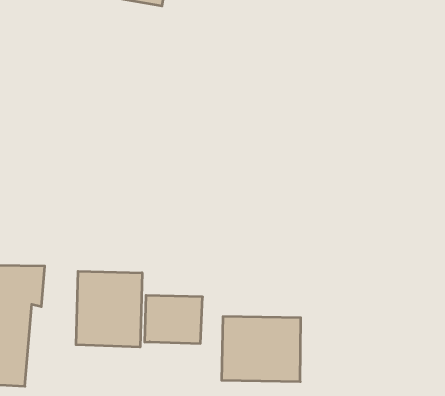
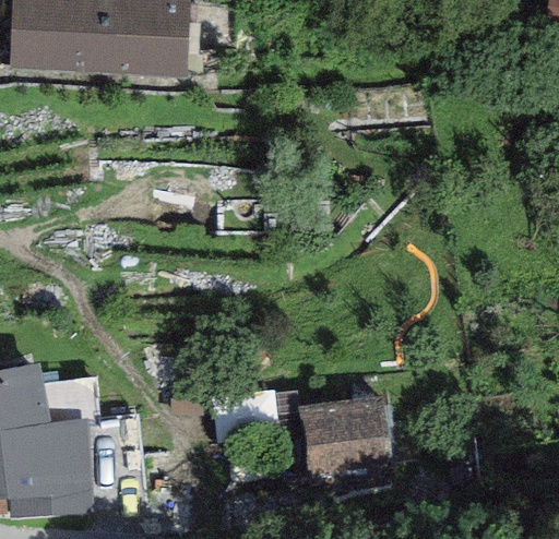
building: [76,271,142,347] -> none

